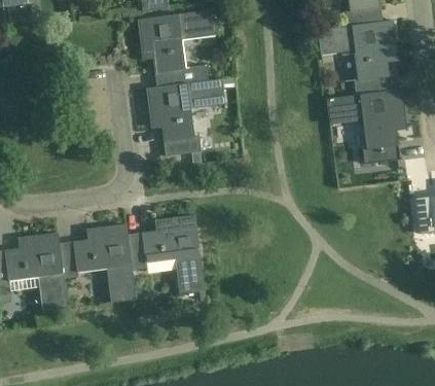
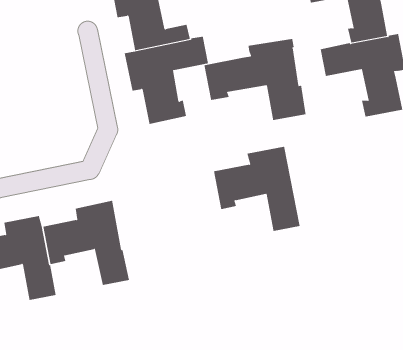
building: none -> [204,38,306,121]
building: [126,215,204,293] -> [213,146,300,231]

